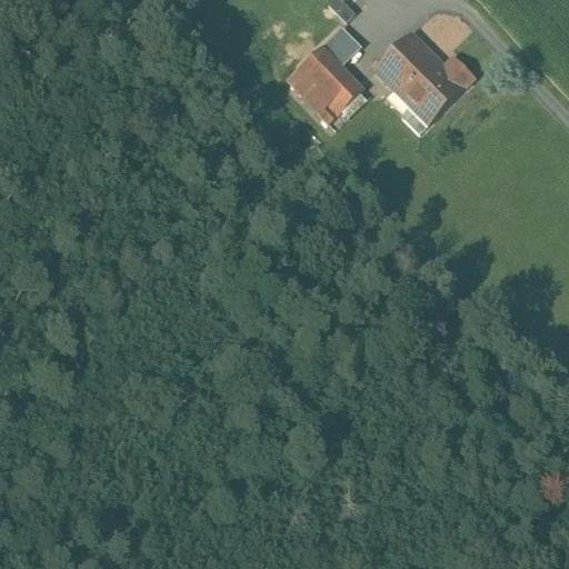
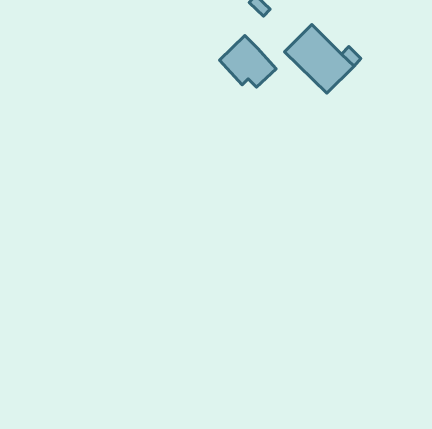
building: [321,27,359,63] -> none

